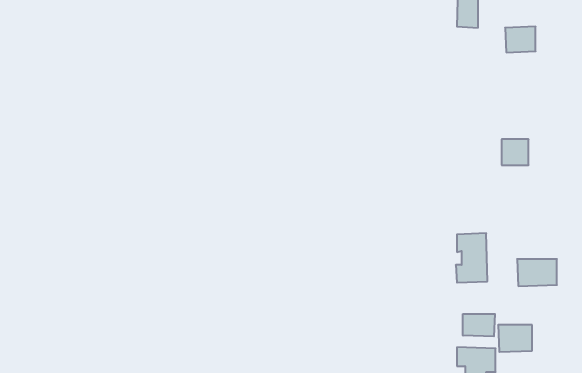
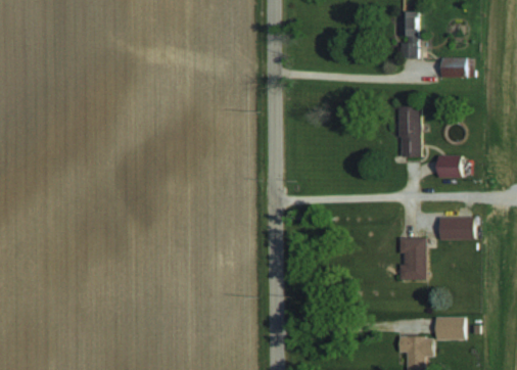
building: none -> [398,106,421,157]
building: [517,259,557,286] -> [439,217,474,240]
building: [463,314,495,336] -> none

